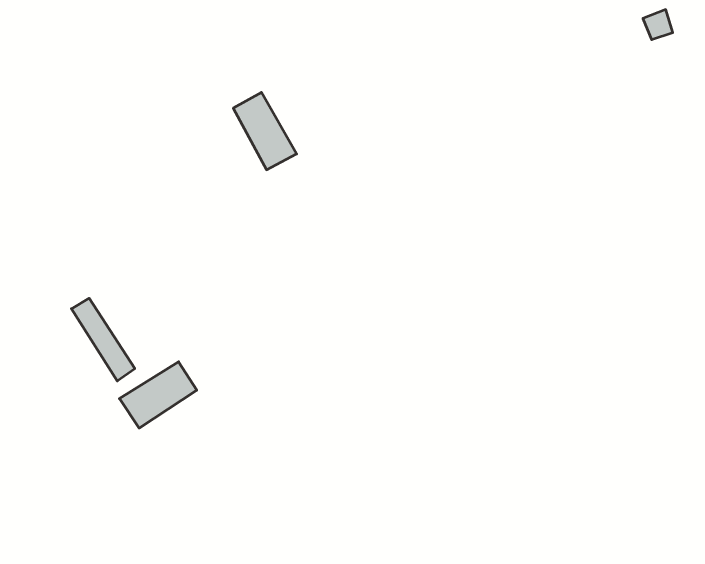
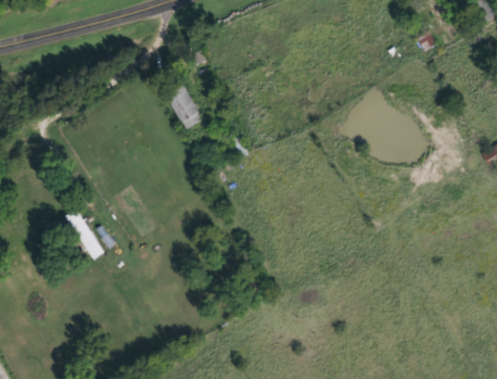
building: [119,362,197,428] -> none

